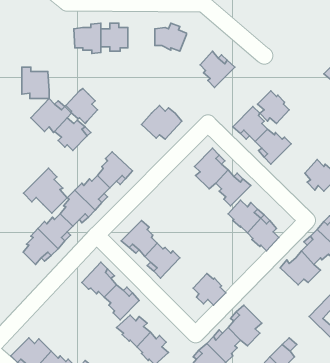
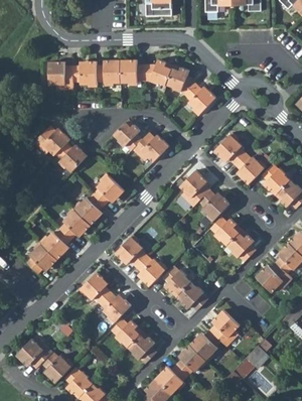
building: none -> [120,58,144,83]
building: none -> [165,68,195,96]
building: [22,67,49,99] -> [48,59,72,88]
building: [66,88,97,123] -> [113,120,141,151]
building: [257,91,289,123] -> [261,163,289,192]
building: [23,168,67,213] -> none
building: none -> [162,266,190,295]

